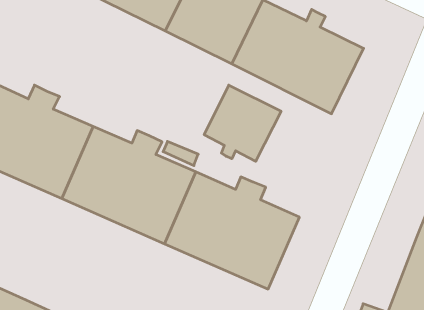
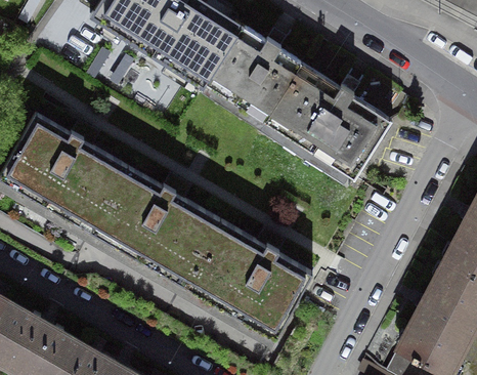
building: [204,85,281,161] -> none

